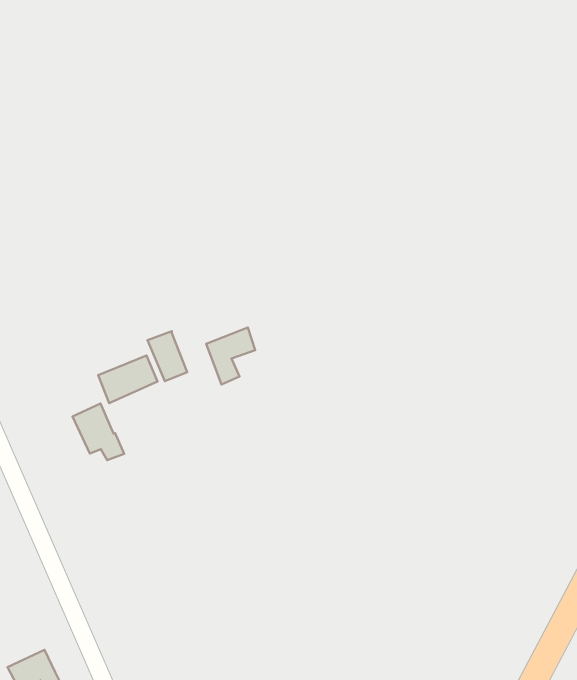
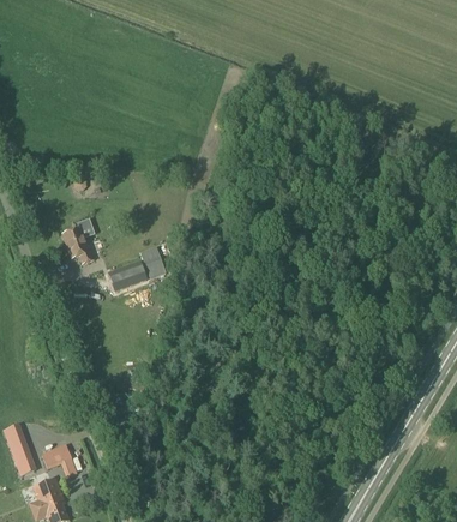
building: [206,327,255,385] -> none
building: [73,404,124,460] -> [62,227,94,263]

